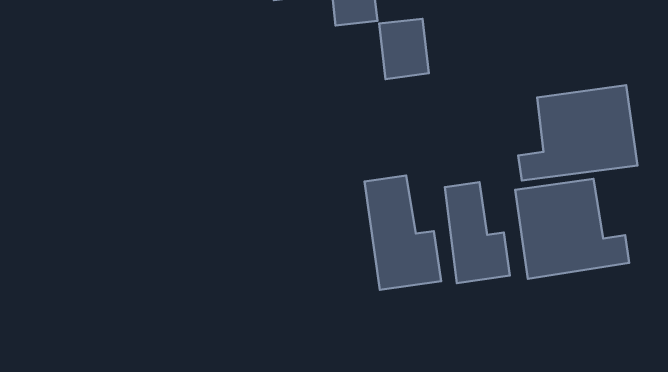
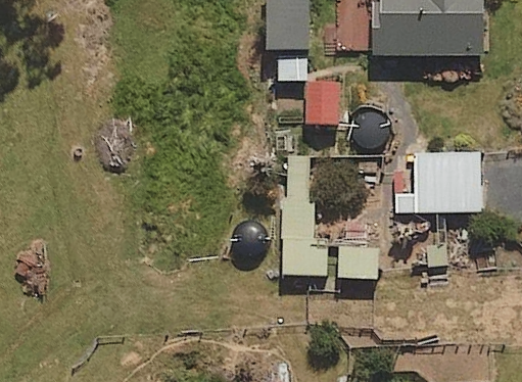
building: [515,179,629,279] -> none

